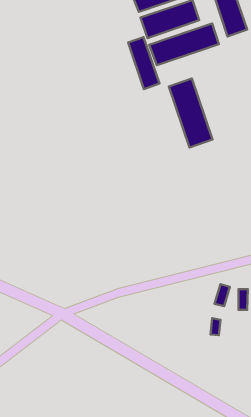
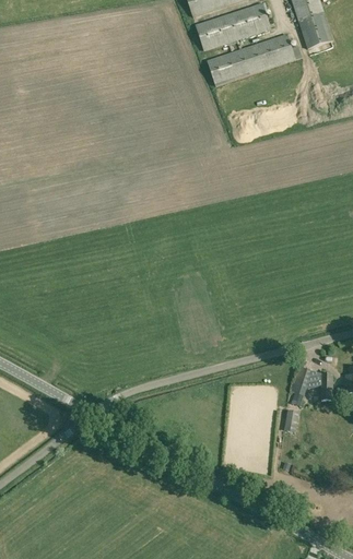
building: [128,37,159,89] -> none
building: [169,78,213,148] -> none

